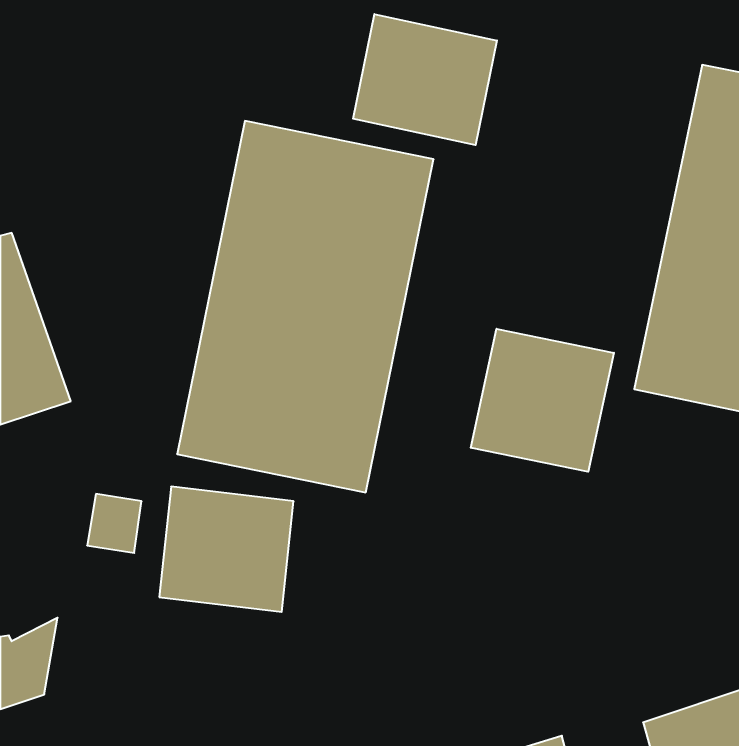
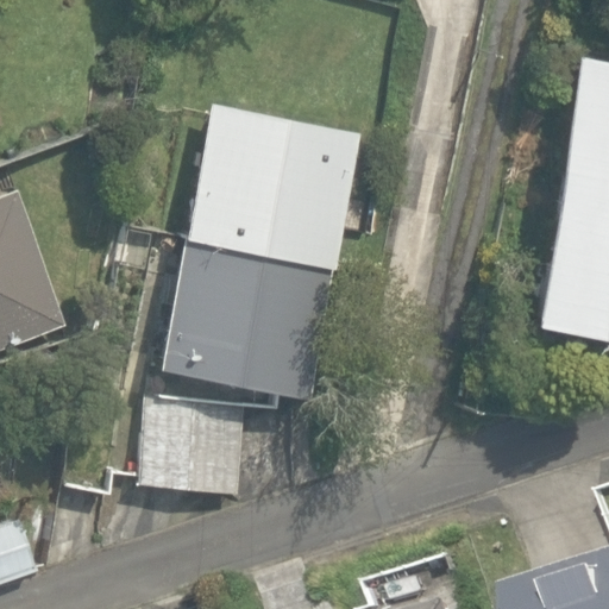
building: [353,14,497,145] -> none
building: [471,329,614,472] -> none

